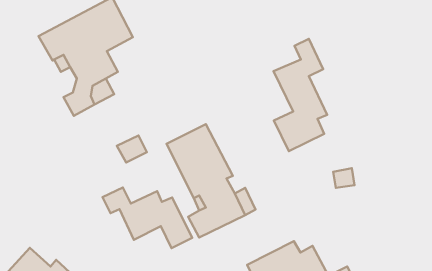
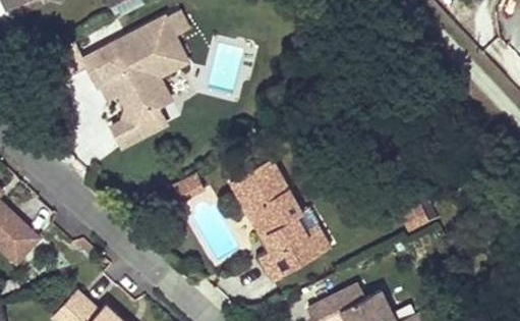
building: [273,39,327,151] -> none
building: [102,187,192,248] -> none

